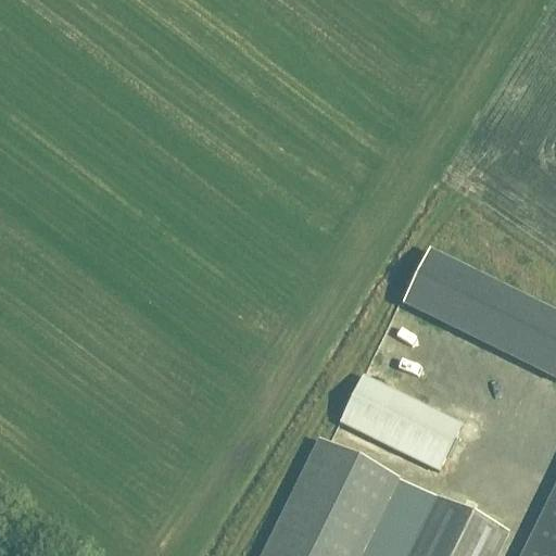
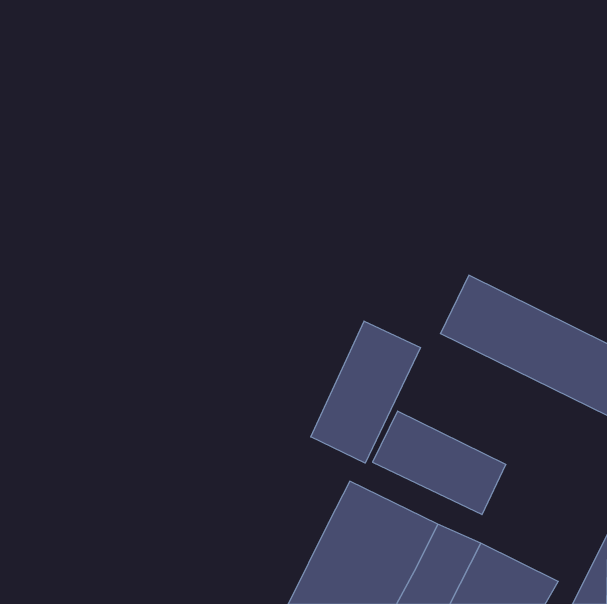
building: none -> [311,321,421,463]

